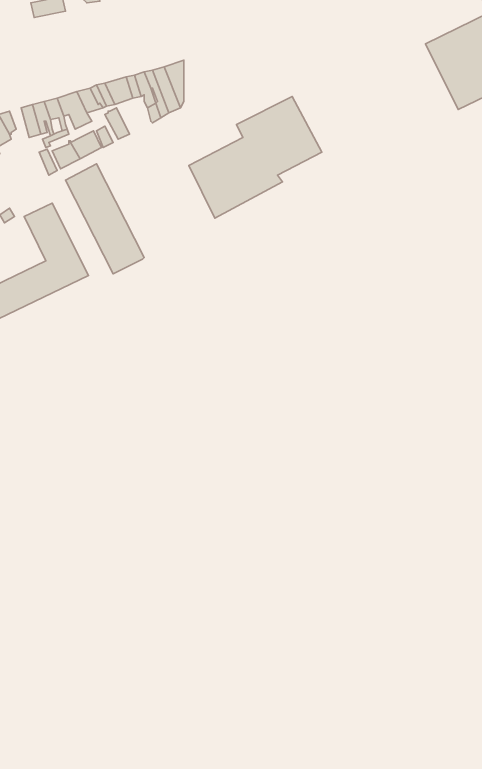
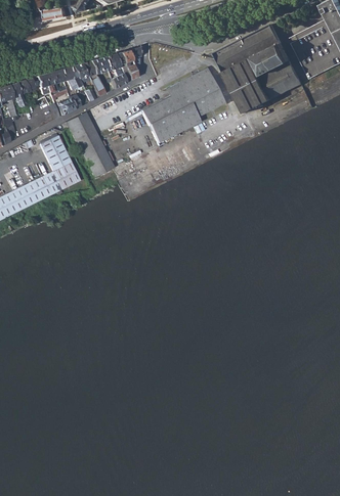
building: none -> [215,22,302,111]

